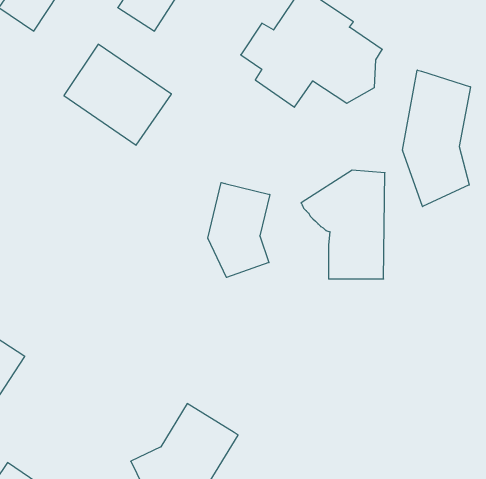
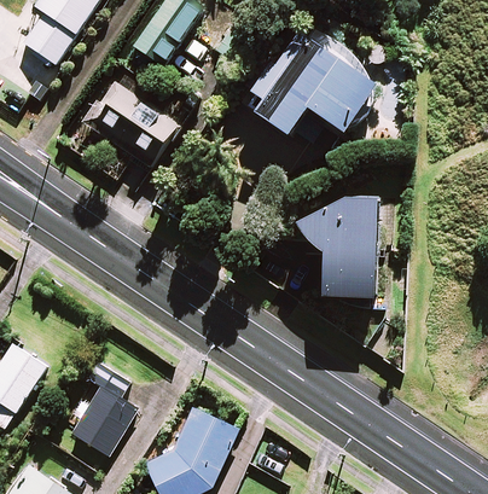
building: [403,70,470,207] -> none
building: [208,183,270,277] -> none
building: none -> [70,362,136,457]

